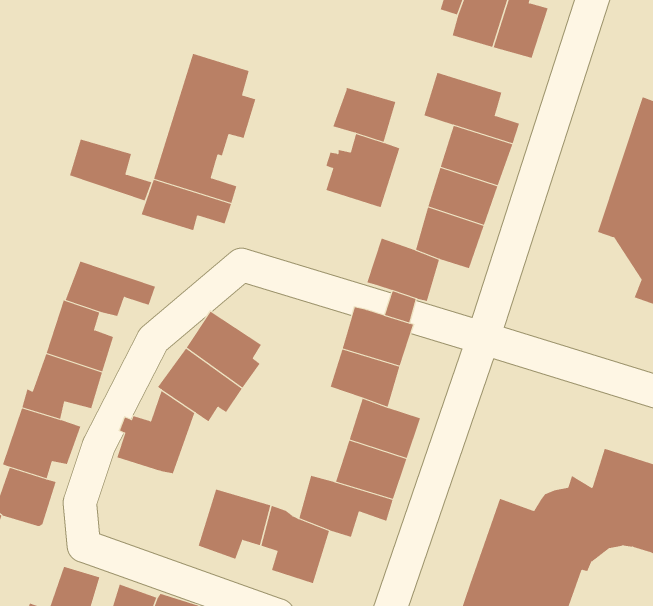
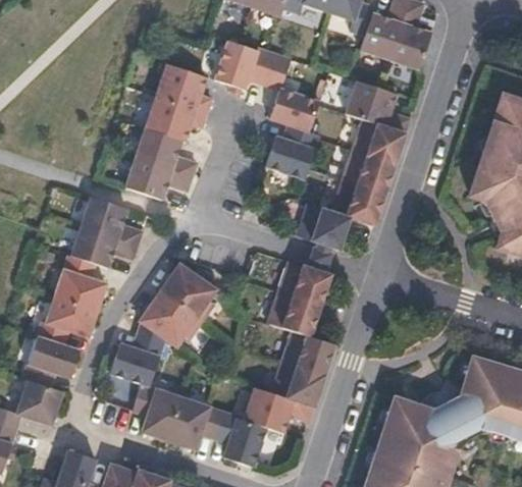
building: none -> [215,42,292,99]
building: [69,139,152,201] -> [81,194,143,240]
building: none -> [134,379,182,435]

